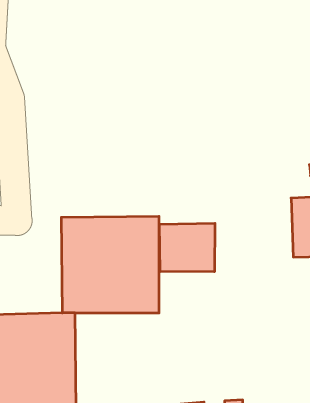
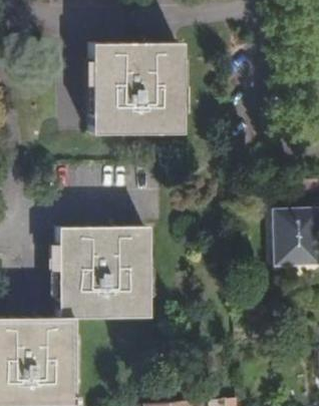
building: none -> [94,43,185,133]
building: [160,223,215,272] -> none

